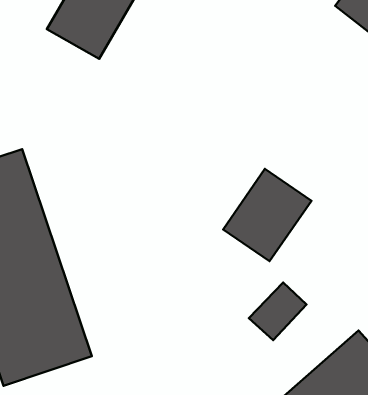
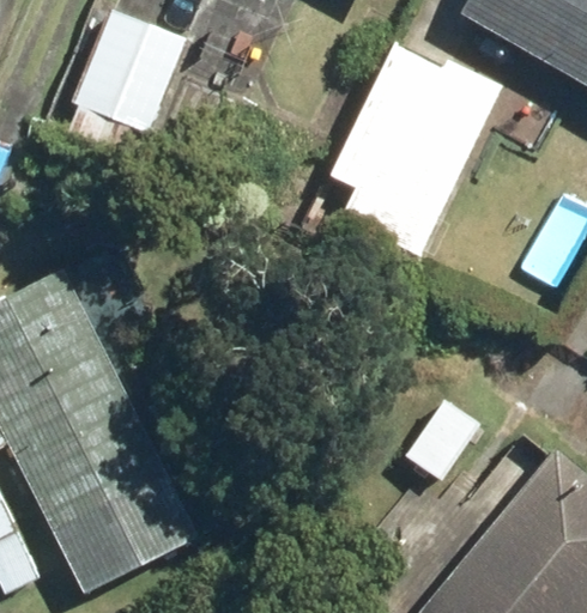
building: none -> [329,42,502,256]
building: [223,169,312,261] -> none

